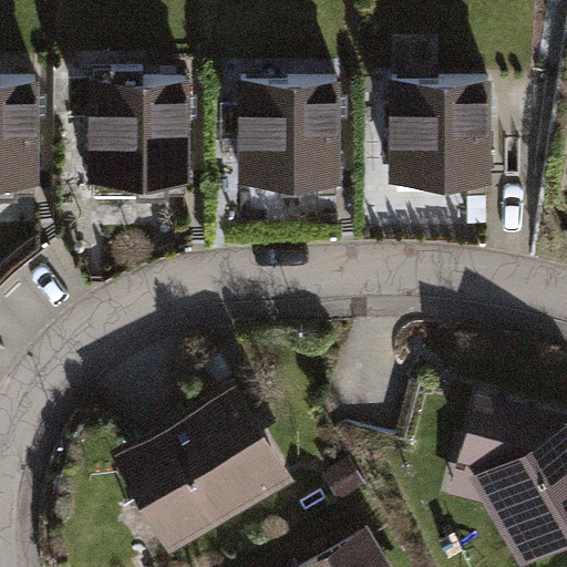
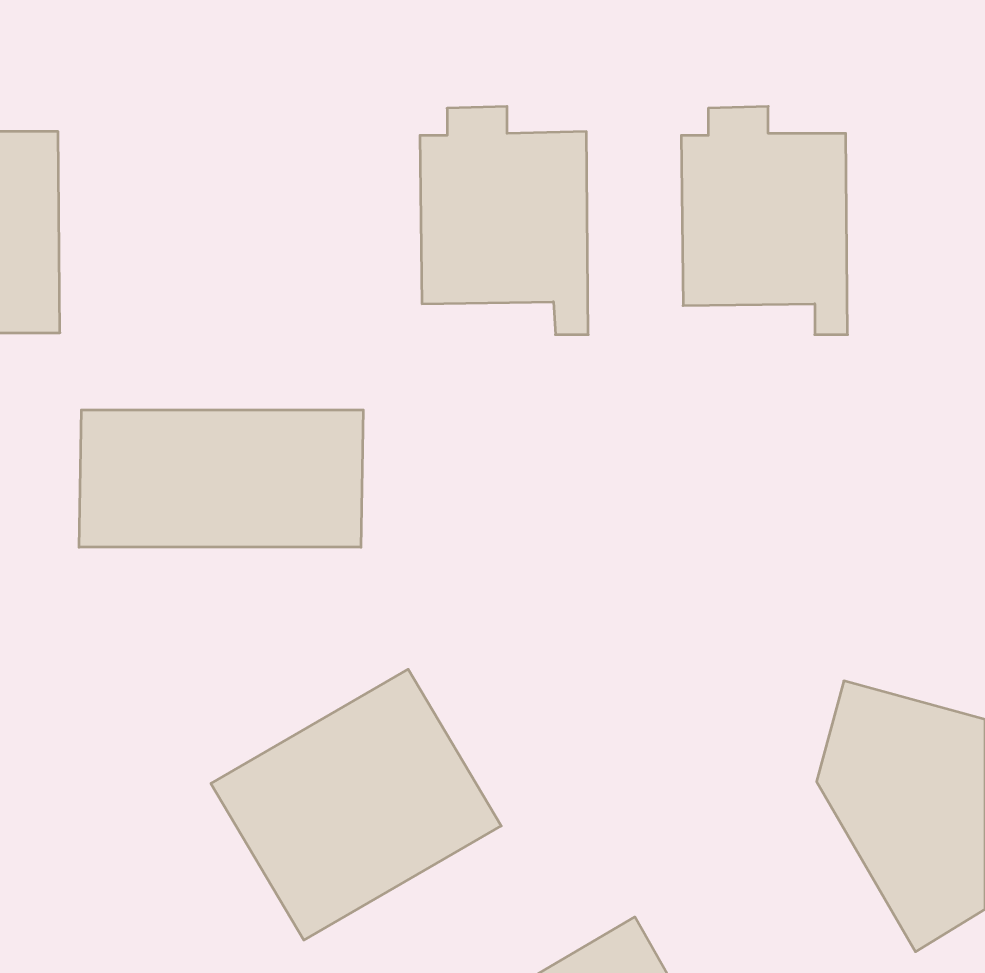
building: [91,71,186,200] -> none
building: none -> [79,410,363,547]

